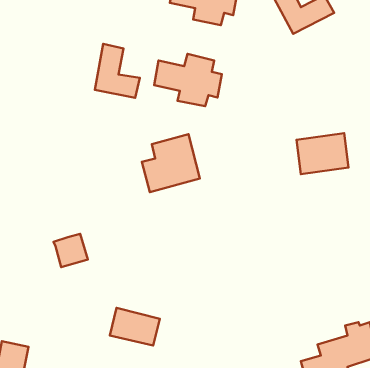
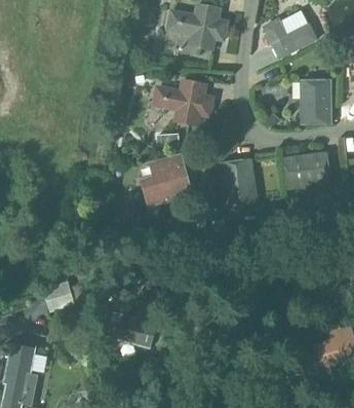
building: [95,44,140,98] -> none
building: none -> [299,80,331,124]
building: none -> [219,158,259,207]
building: [53,234,88,267] -> [42,282,74,312]

